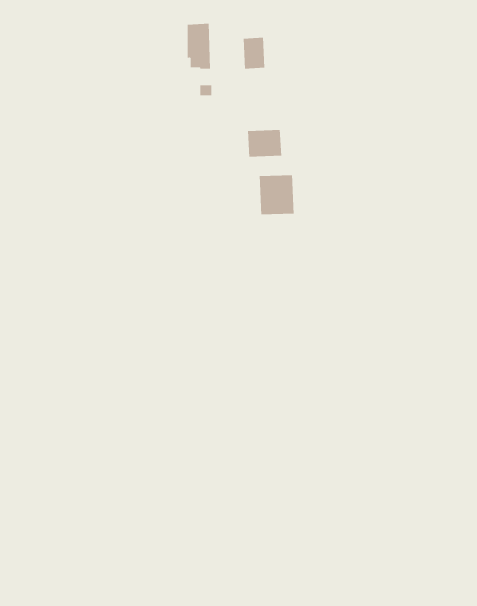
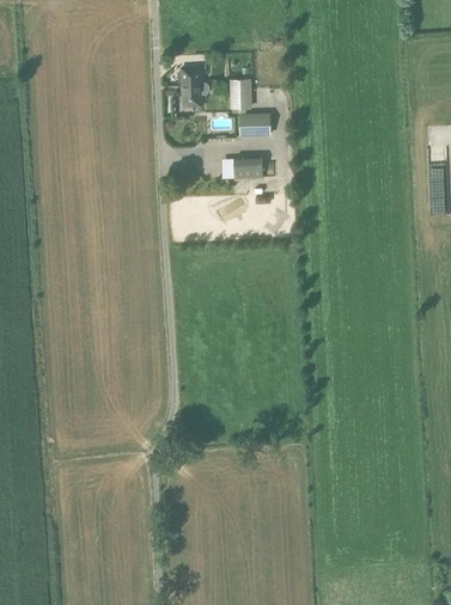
building: none -> [242,115,270,135]
building: [259,175,294,215] -> none

